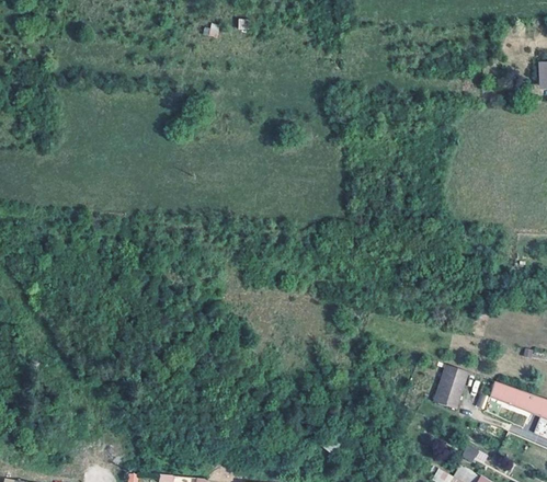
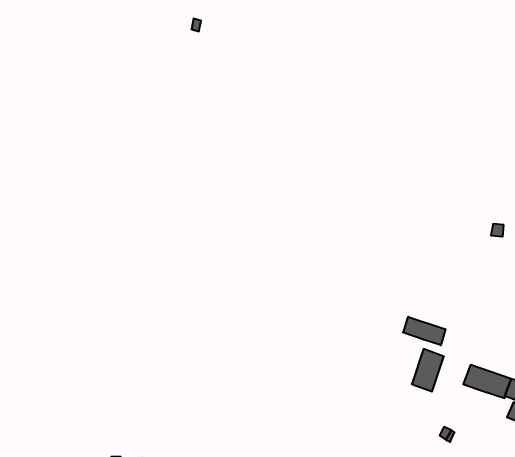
building: none -> [403,317,445,345]

